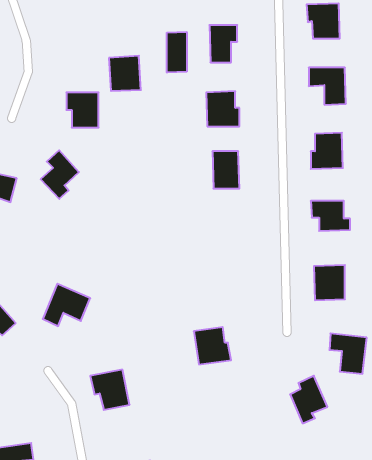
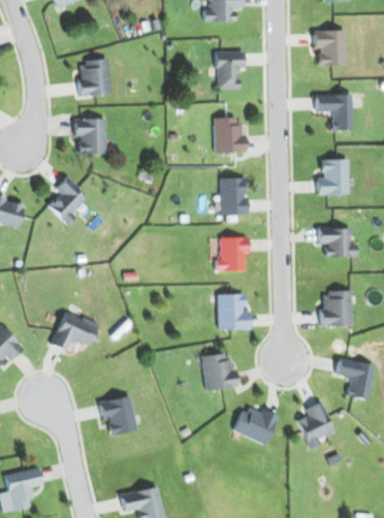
building: [167,32,187,73] -> none
building: [109,56,141,91] -> [78,60,110,95]
building: none -> [216,237,249,271]
building: none -> [218,294,251,329]
building: none -> [234,404,277,445]

